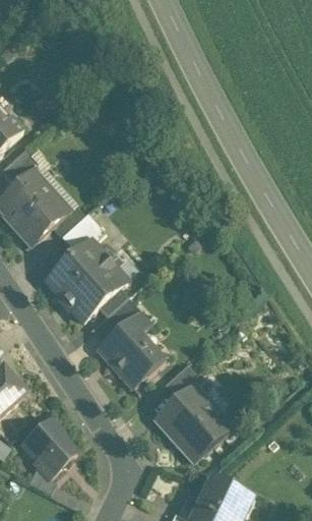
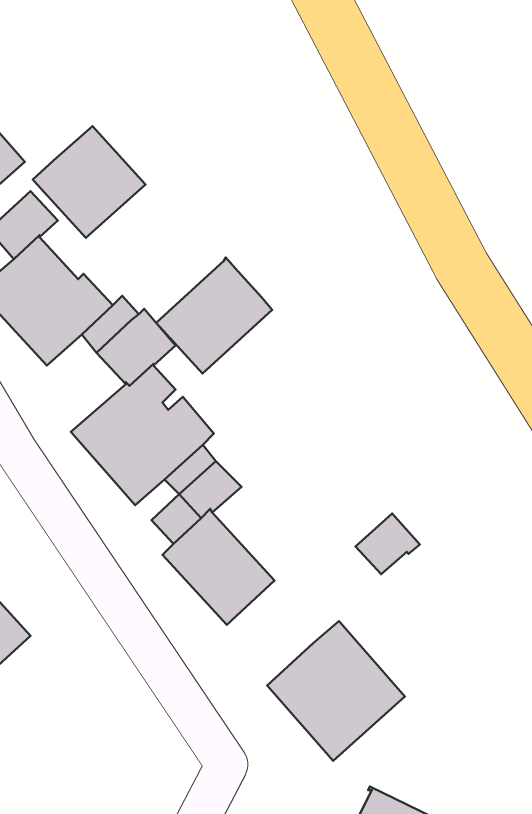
building: none -> [33,126,145,238]
building: none -> [156,257,272,374]
building: [167,363,202,397] -> [355,513,420,574]
building: [21,419,76,477] -> none

